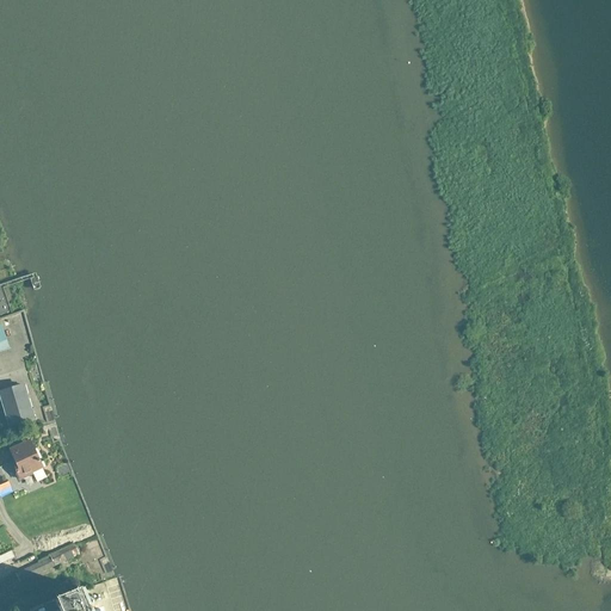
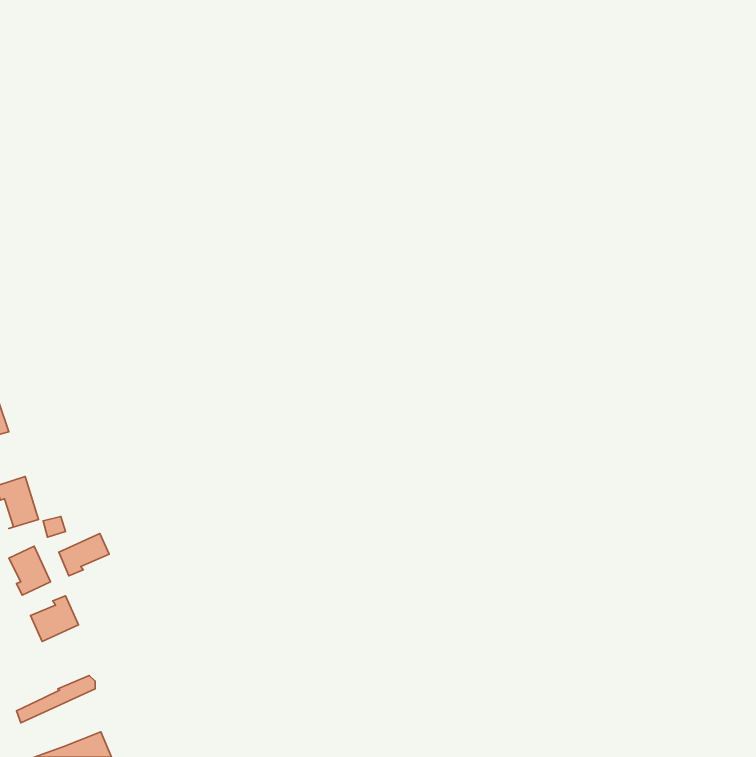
building: none -> [59,533,109,576]
building: none -> [31,596,78,641]

